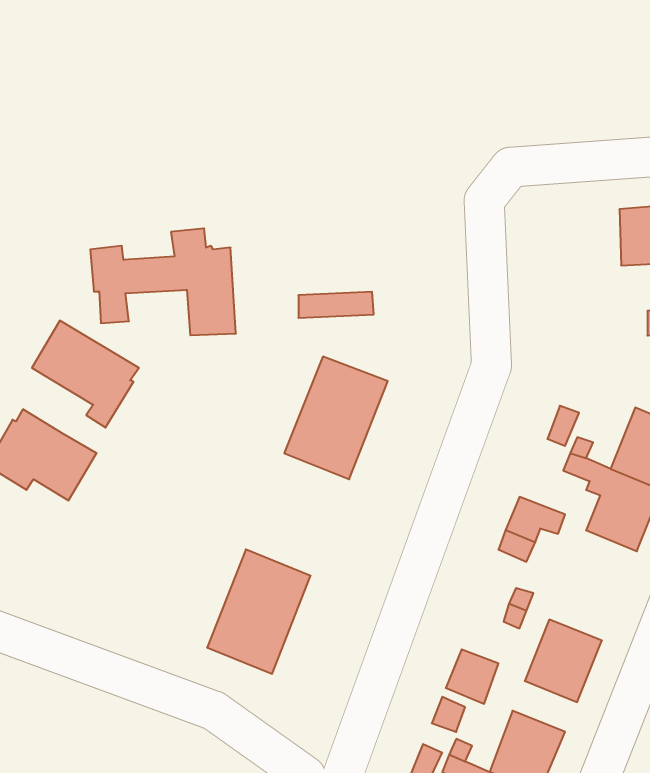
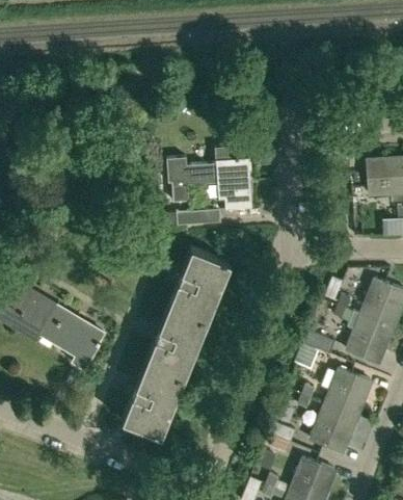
building: [90,228,236,335] -> [167,148,253,211]
building: [32,321,139,428] -> [42,307,105,370]
building: none -> [146,307,208,379]
building: none -> [323,370,372,418]

